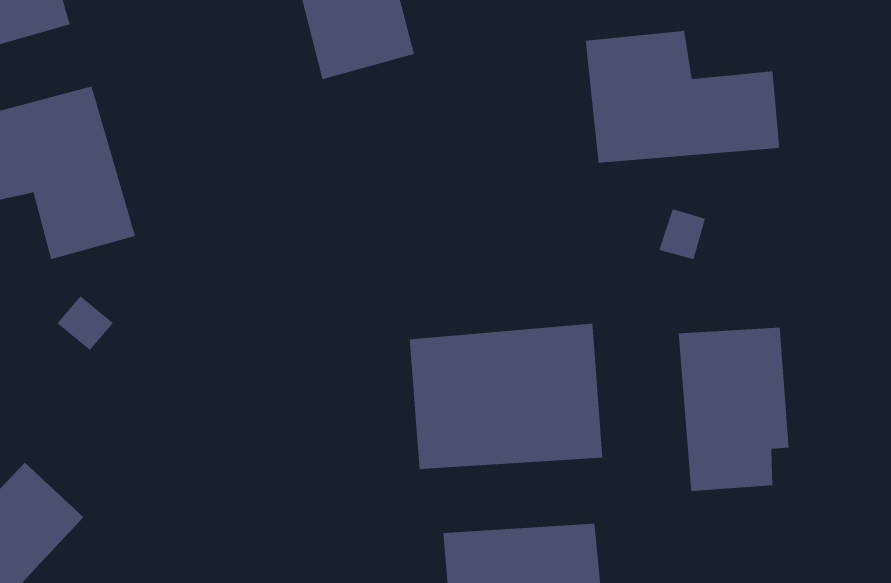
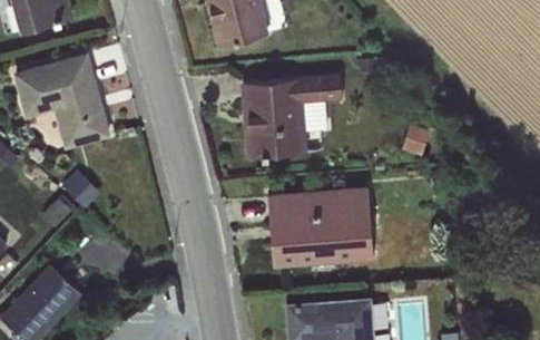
building: [585,30,780,163] -> none
building: none -> [240,75,343,157]
building: [678,327,789,492] -> none

